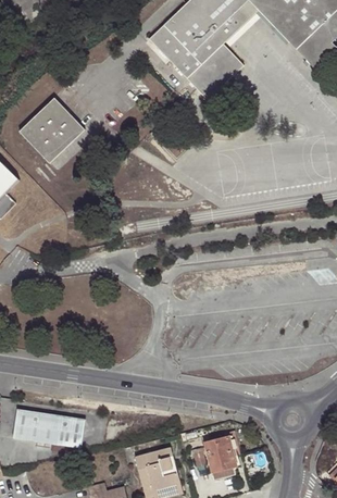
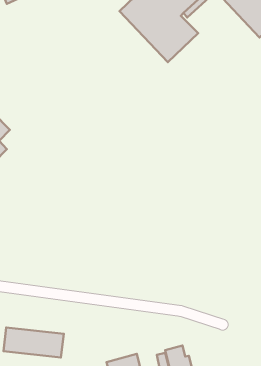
building: [18,97,84,162] -> none

